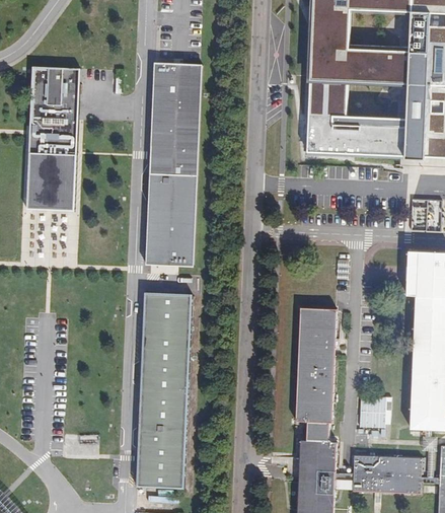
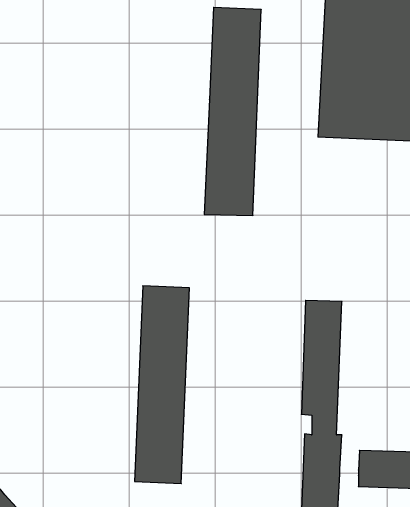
building: [146,64,202,268] -> [204,7,261,215]
building: [22,73,73,211] -> none
building: [362,396,389,428] -> none

